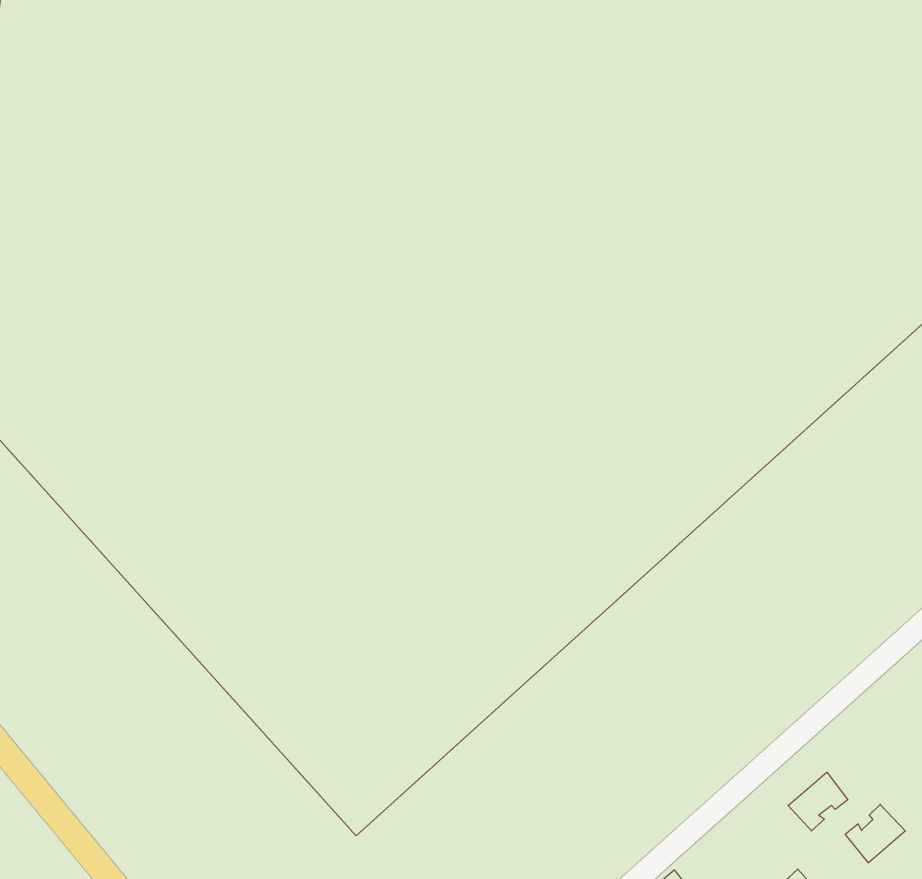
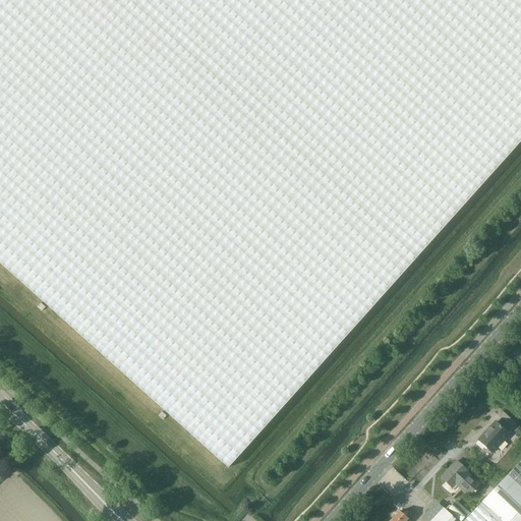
building: [788,772,848,831] -> none

